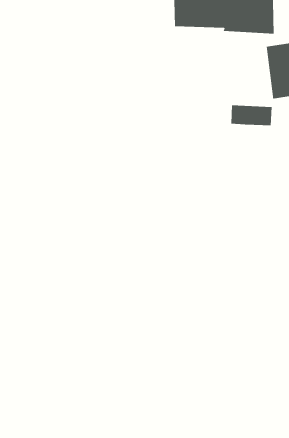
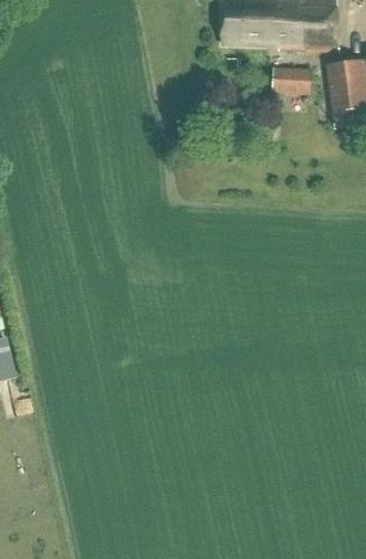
building: [230,105,272,126] -> [273,67,322,92]

